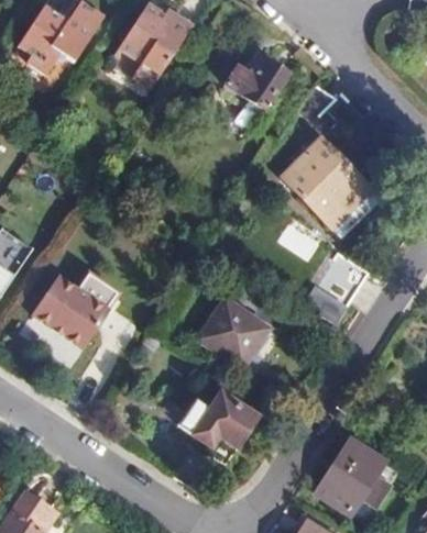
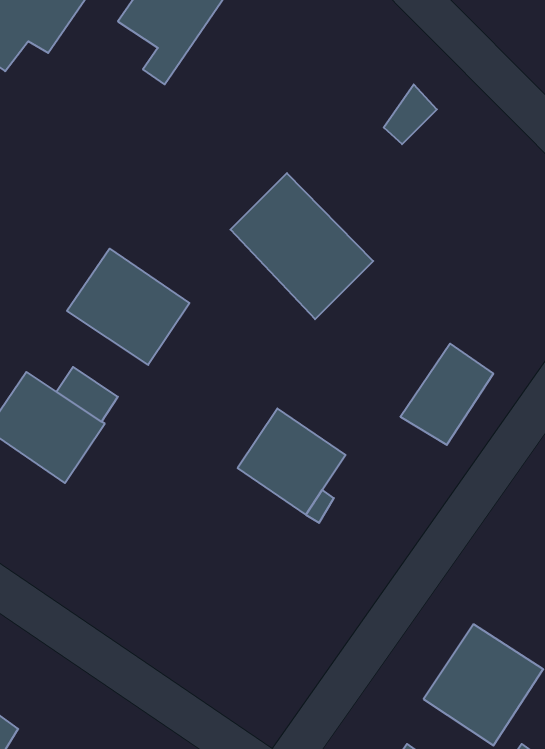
building: [225,54,291,112] -> none
building: [283,143,377,240] -> [230,173,373,319]
building: none -> [67,249,189,365]
building: [176,392,259,454] -> none

